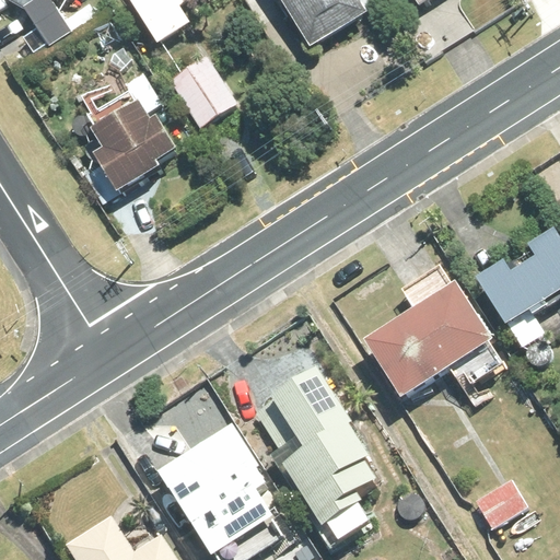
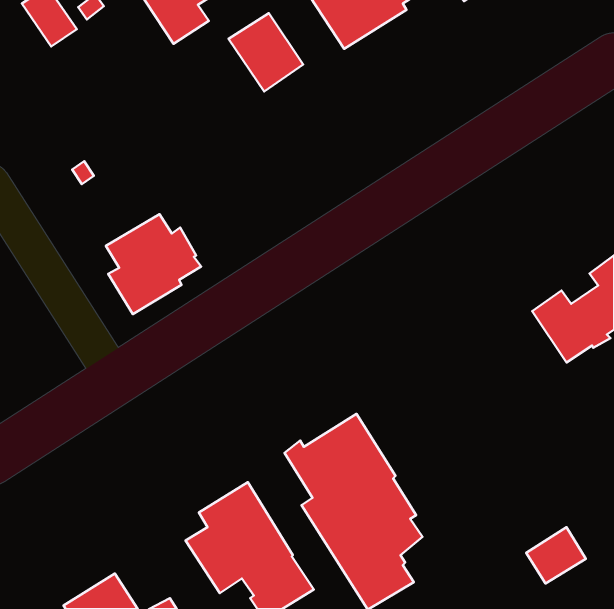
building: [165,50,232,120] -> [229,13,303,91]
building: [91,102,176,191] -> [106,214,201,314]
building: [365,278,494,399] -> none

